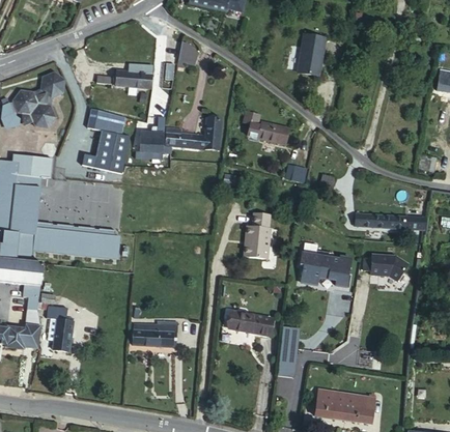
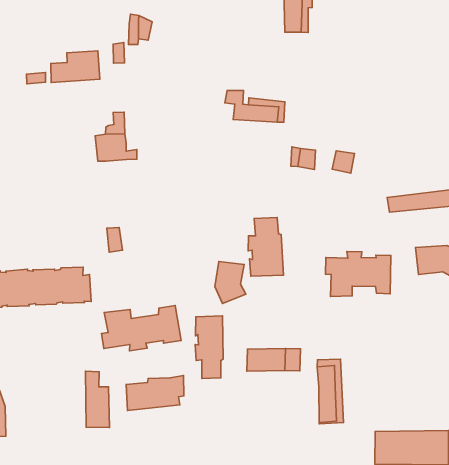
building: [81,108,130,173] -> none
building: [166,117,220,150] -> none
building: none -> [215,261,246,304]
building: none -> [102,306,181,351]
building: none -> [195,316,223,379]
building: [52,307,74,352] -> [85,371,109,428]

